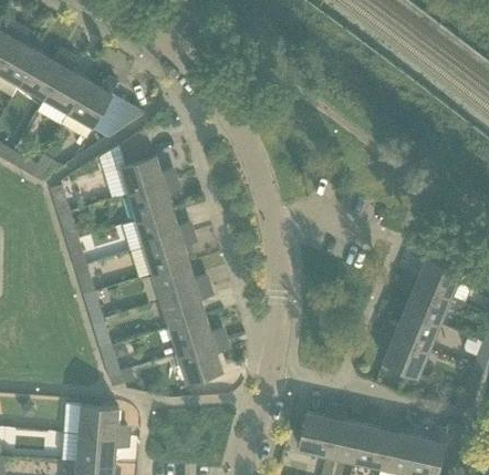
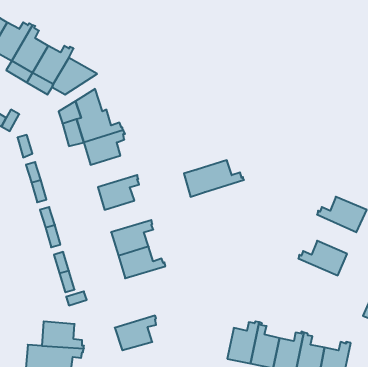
building: [122,209,193,252] -> [184,160,244,197]
building: [154,262,209,300] -> none
building: [403,279,451,326] -> none
building: [381,331,429,378] -> none
building: [178,340,227,381] -> [115,316,156,350]

